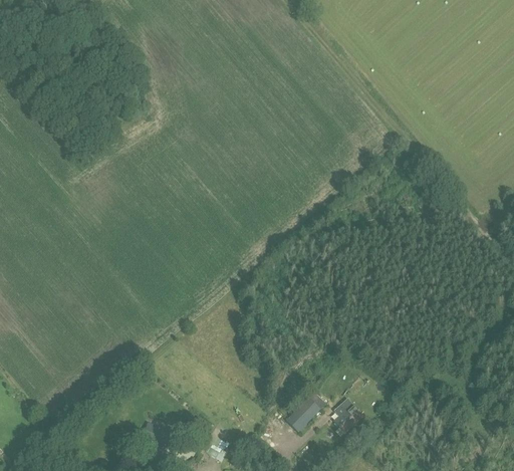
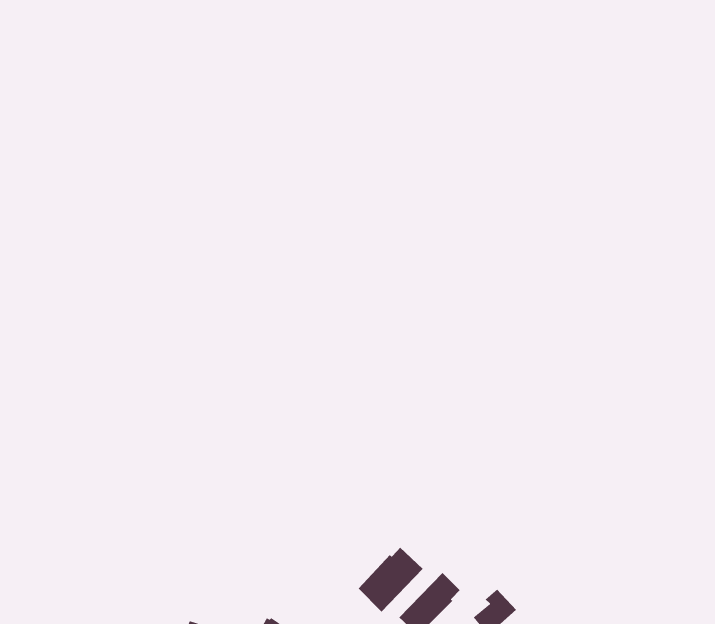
building: none -> [358,547,424,612]

